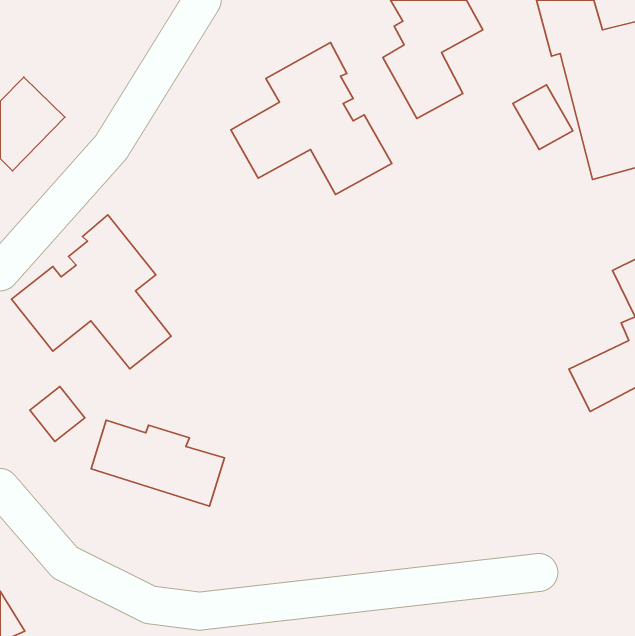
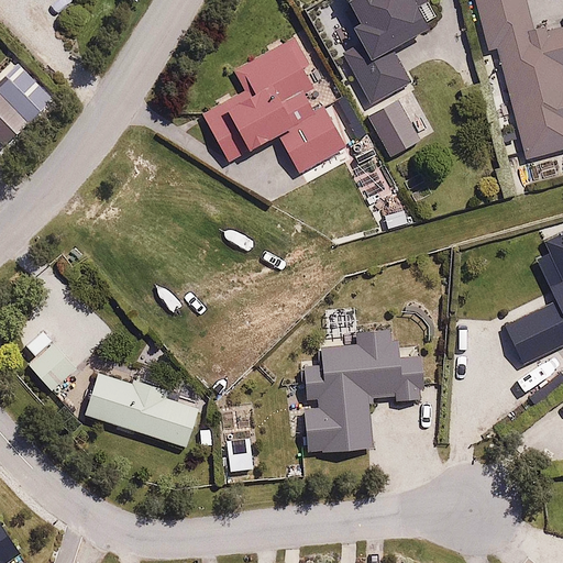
building: [513,85,573,150] -> [368,101,421,158]
building: [11,215,171,369] -> none
building: none -> [301,329,424,453]

